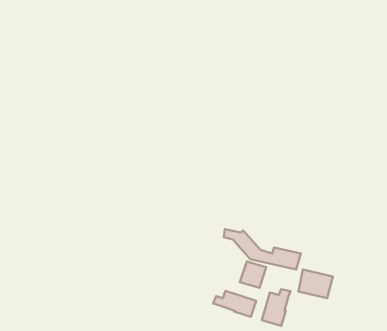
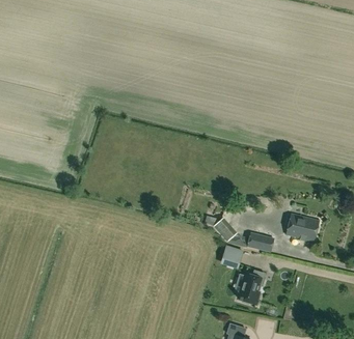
building: [298,270,333,298] -> [287,215,318,241]
building: [213,291,256,317] -> none

